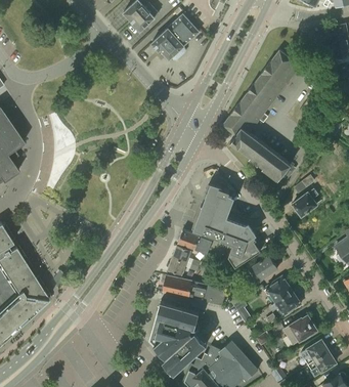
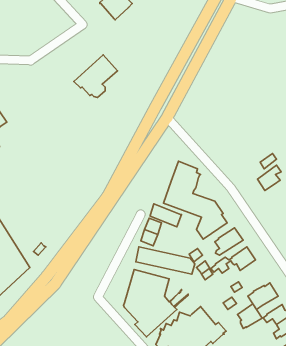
building: [151,15,199,61] -> [74,55,117,97]
building: [222,51,300,185] -> none
building: [275,291,302,317] -> [238,304,262,329]

